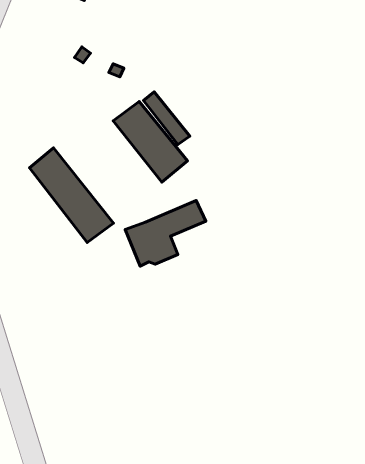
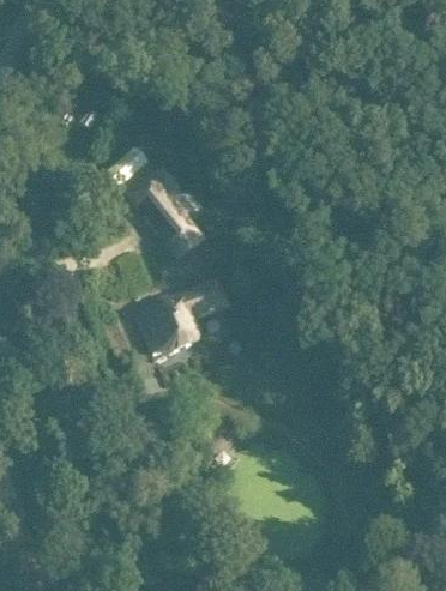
building: [30,148,113,243] -> none

